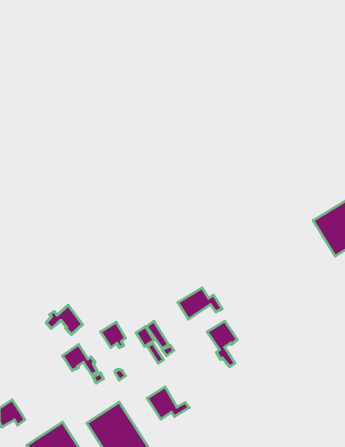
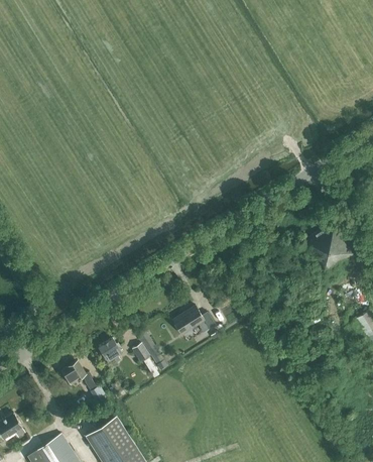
building: [46,305,83,334] -> none
building: [207,321,237,367] -> none
building: [147,387,189,419] -> none

